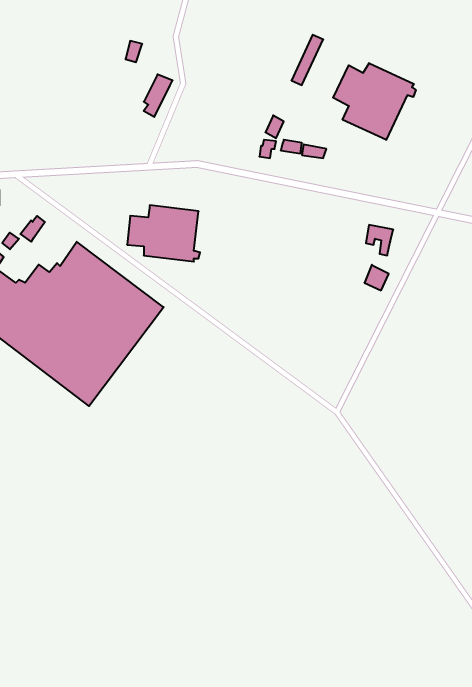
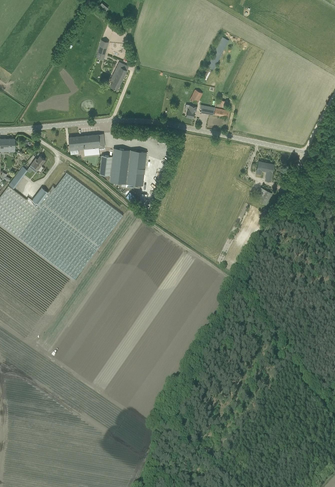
building: [333,63,416,140] -> none
building: none -> [68,133,105,156]

